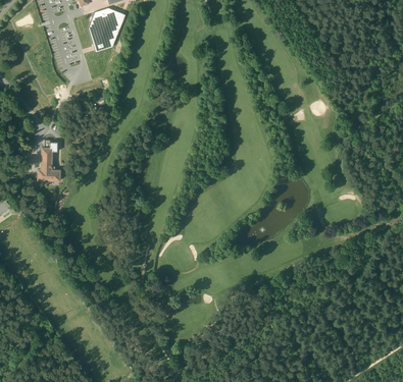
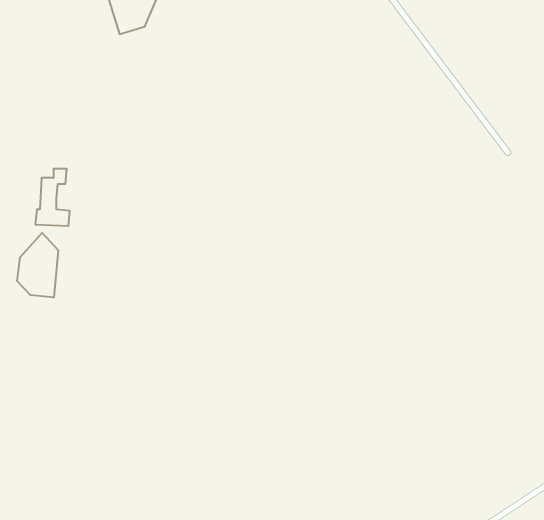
building: none -> [17,233,58,298]

